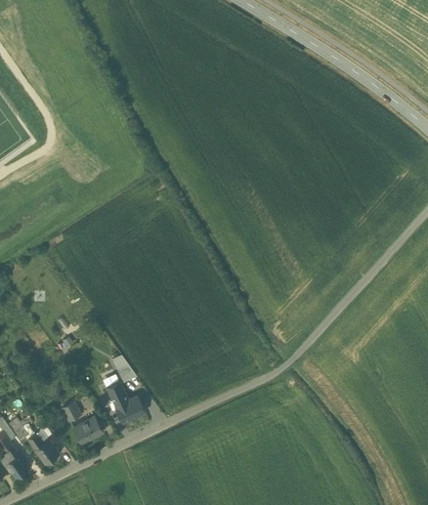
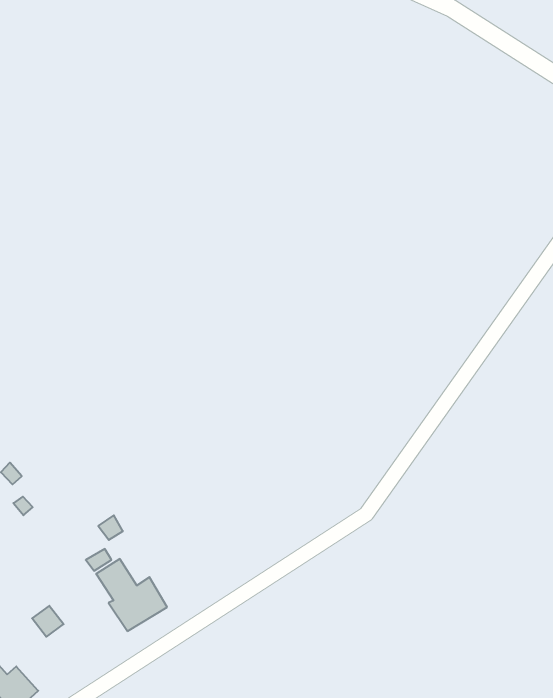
building: [70,415,103,447] -> none

